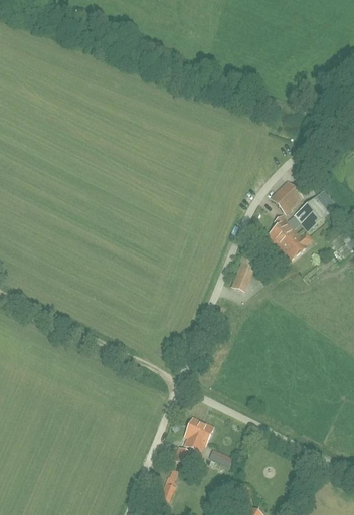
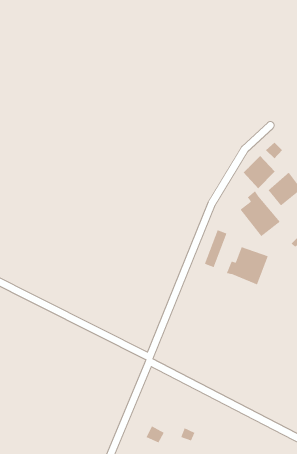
building: none -> [226,246,269,286]
building: [185,417,213,452] -> none

